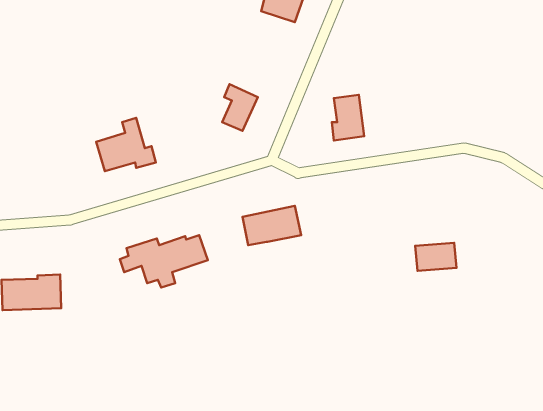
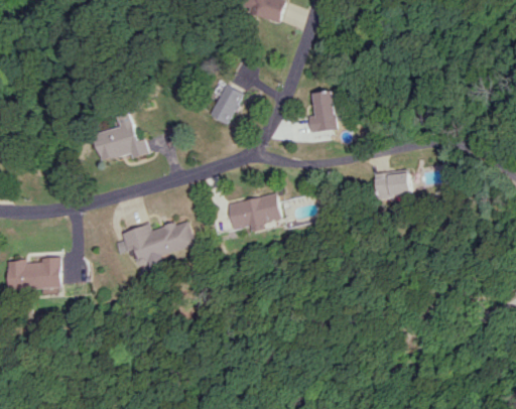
building: [415,243,456,271] -> [376,171,414,197]

